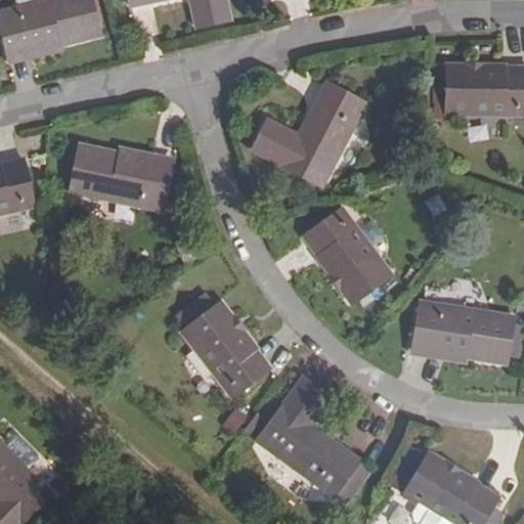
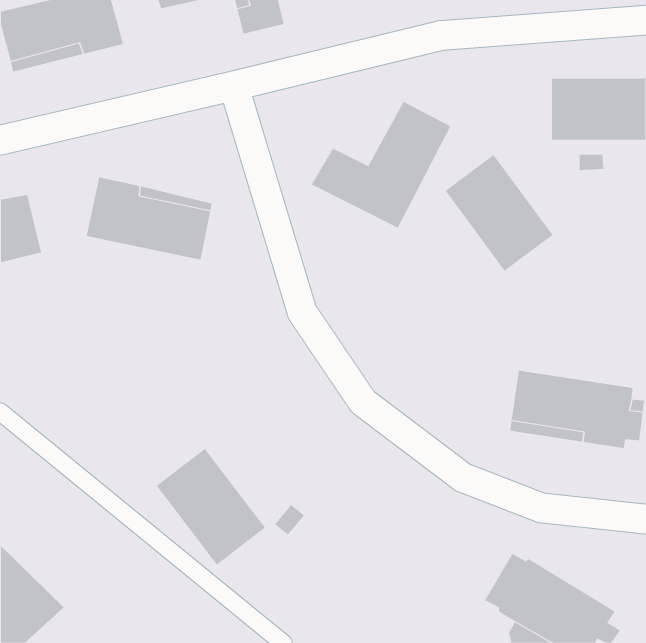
building: [303,208,391,303] -> [445,154,553,272]
building: [181,302,270,397] -> [156,448,266,566]
building: [257,378,359,496] -> none

